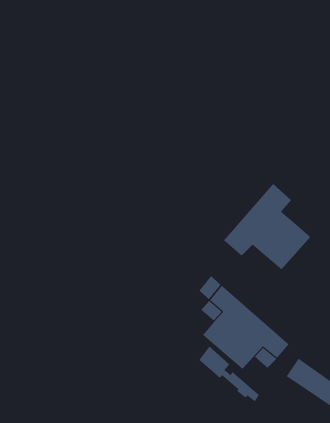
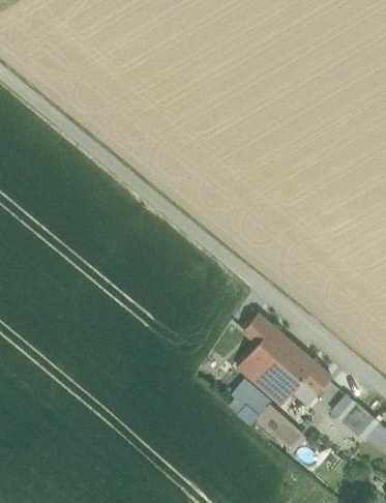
building: [223,183,311,270] -> none

